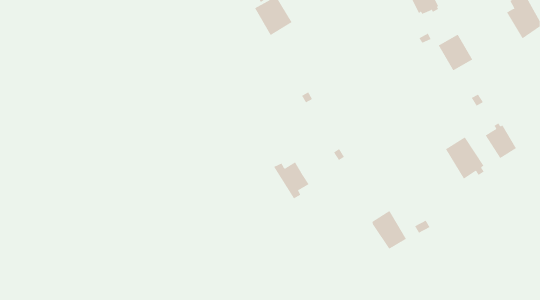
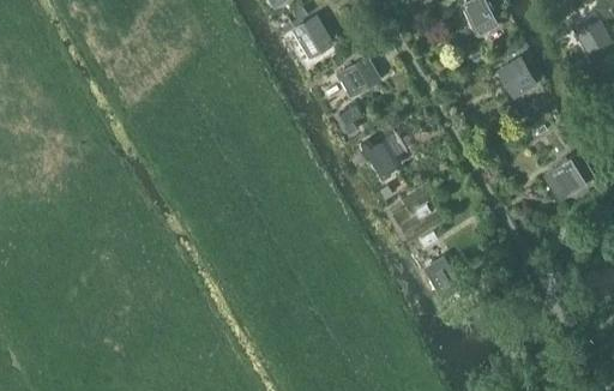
building: none -> [335,54,383,98]
building: [445,137,484,179] -> none
building: [273,162,310,199] -> [360,138,401,180]

